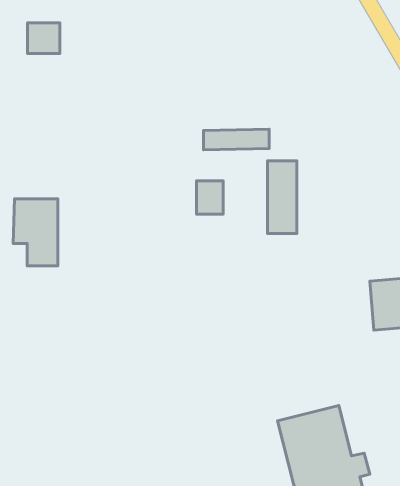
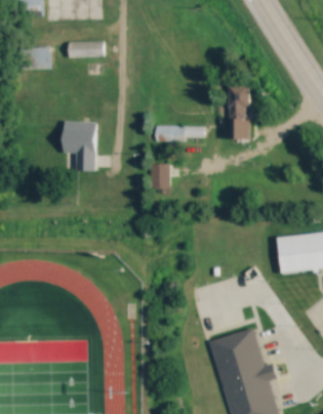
building: none -> [68,42,104,57]
building: [268,161,297,233] -> [228,86,249,139]
building: [13,199,58,266] -> [63,122,95,171]

